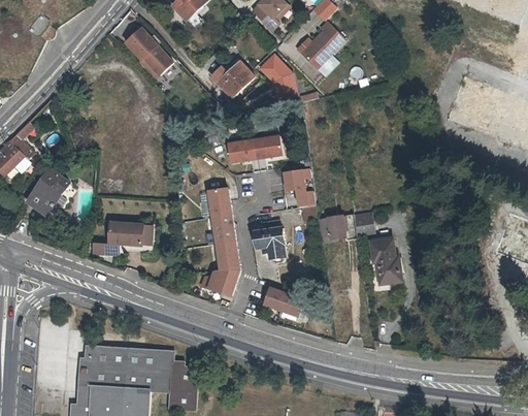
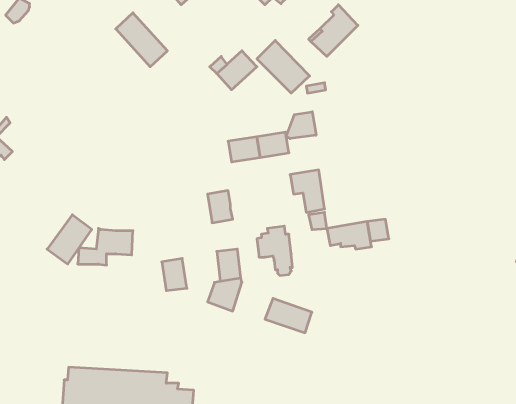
building: none -> [286,112,316,139]
building: [27,170,67,215] -> [47,215,92,264]
building: [212,214,235,243] -> [162,258,187,291]
building: [370,239,401,284] -> none

